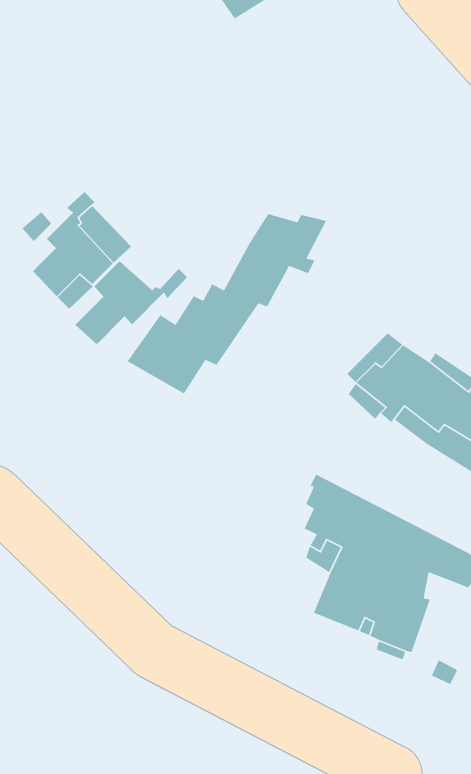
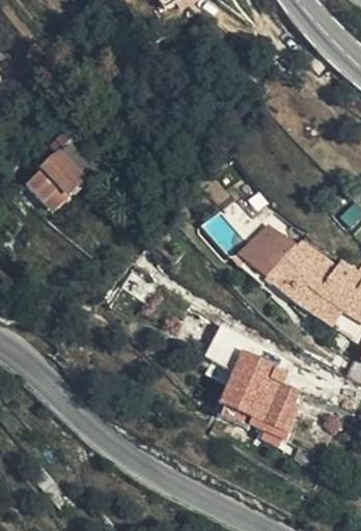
building: [127,213,327,394] -> none
building: [75,260,188,345] -> none

